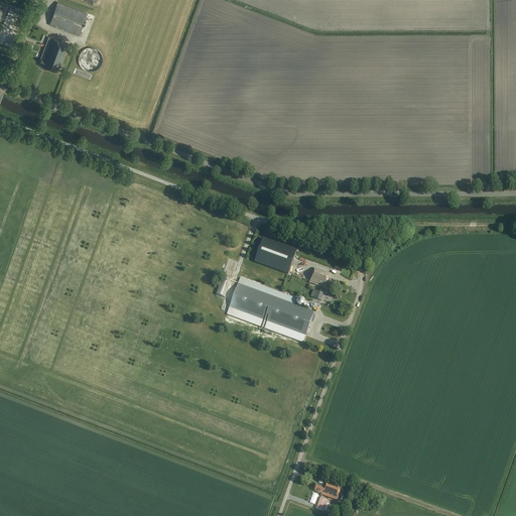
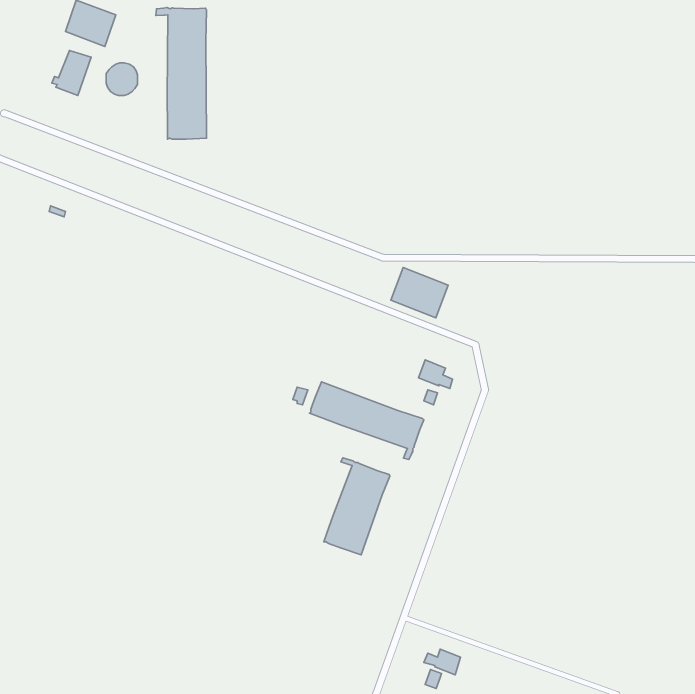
building: none -> [156,8,207,139]
building: [253,237,295,274] -> [391,267,448,318]
building: none -> [324,458,390,555]

